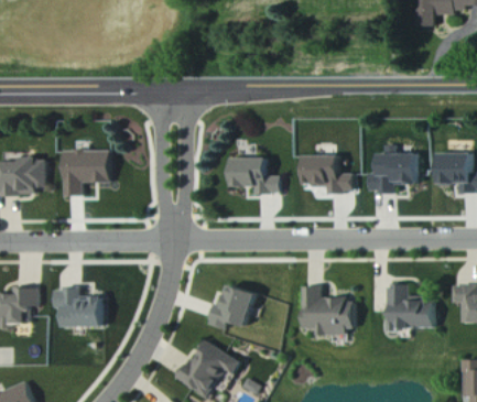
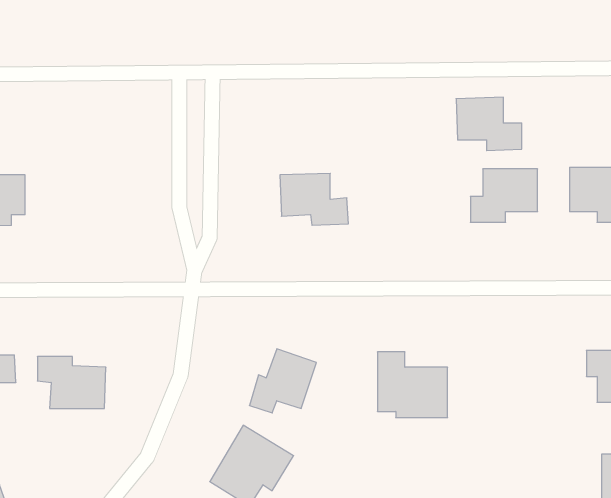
building: [64,150,111,196] -> none
building: [304,154,351,193] -> [456,97,522,151]
building: [384,283,433,329] -> none

